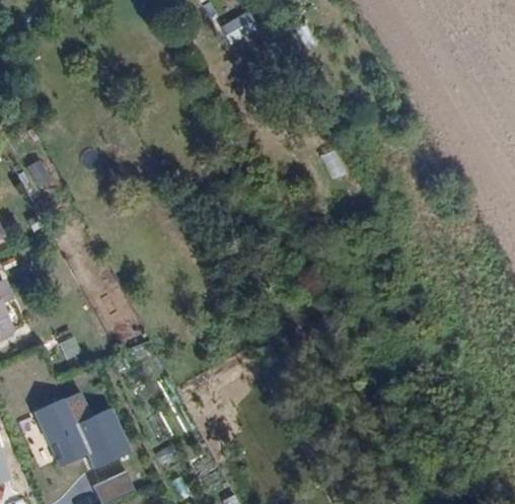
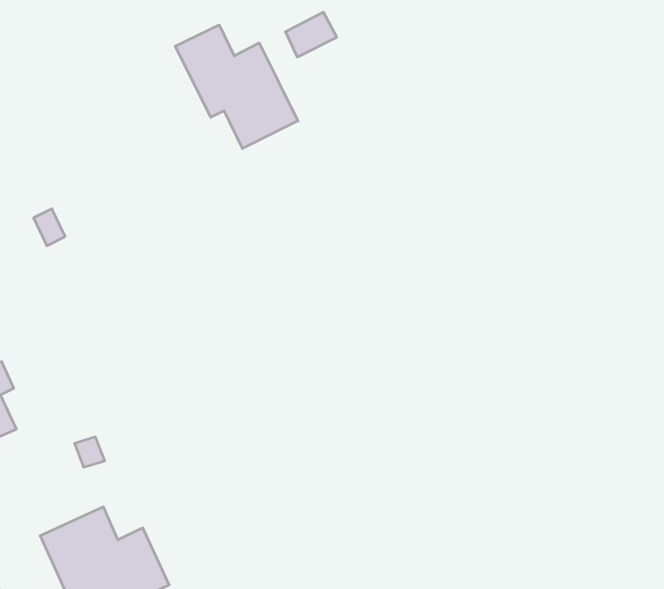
building: none -> [175,25,298,149]

